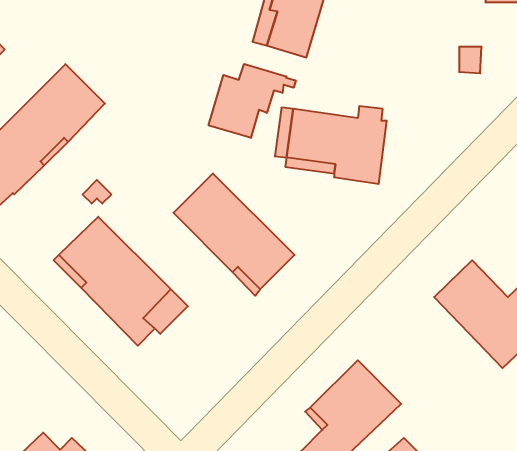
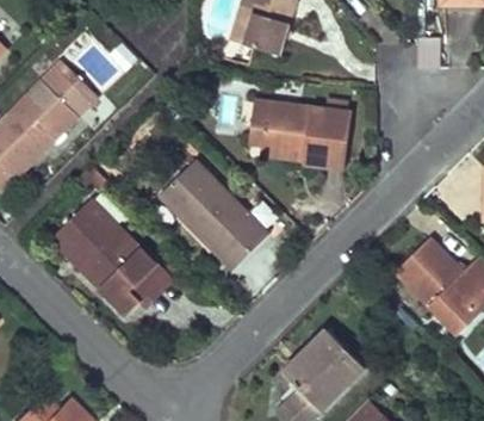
building: [209,64,296,138] -> none

